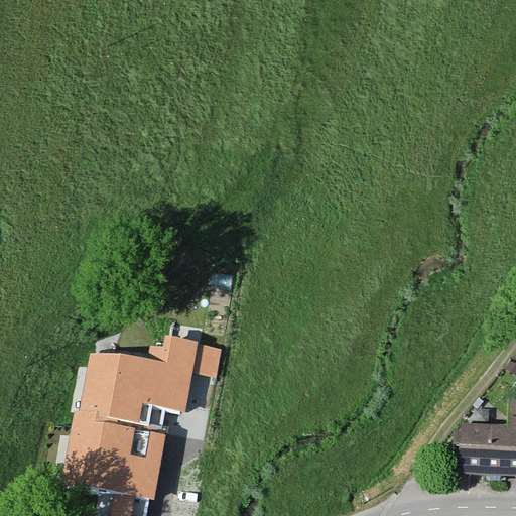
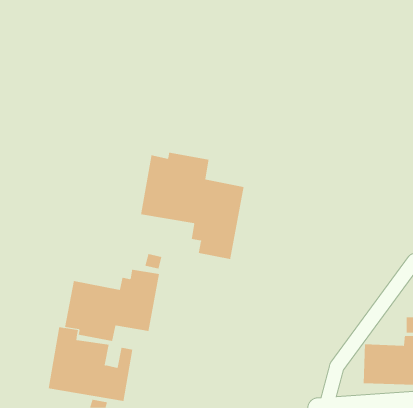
building: none -> [140,152,244,260]

